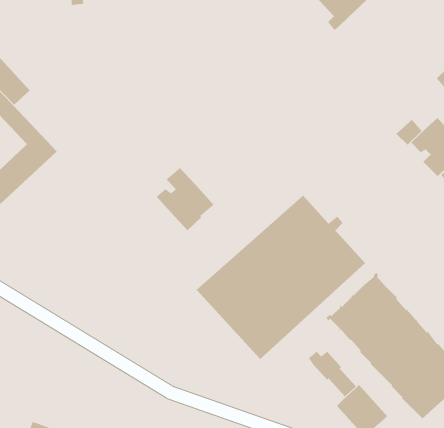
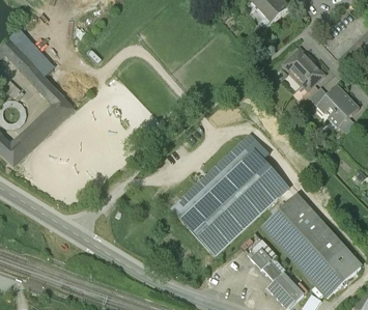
building: none -> [283,48,323,89]
building: [156,167,215,231] -> none

